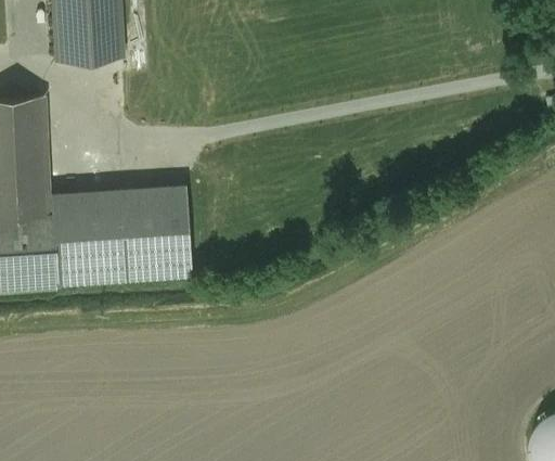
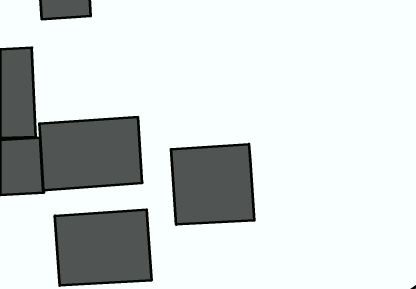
building: none -> [171,144,254,225]
building: none -> [55,210,151,286]

